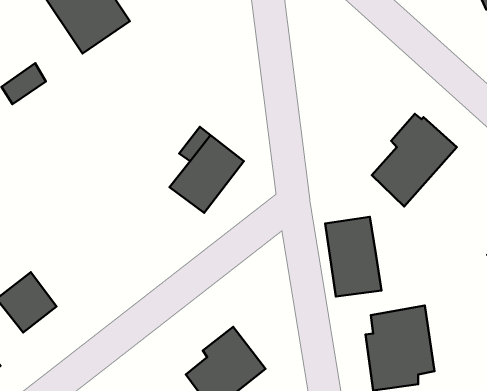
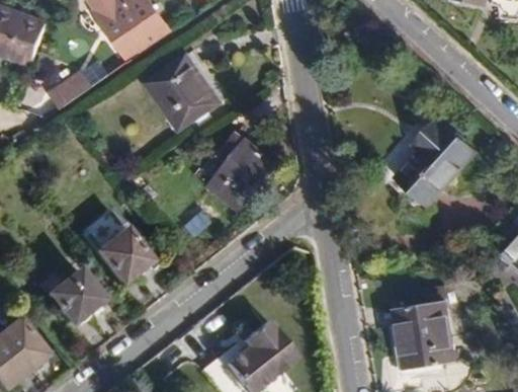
building: none -> [146,54,220,132]
building: none -> [80,210,149,284]
building: [325,217,382,297] -> none

